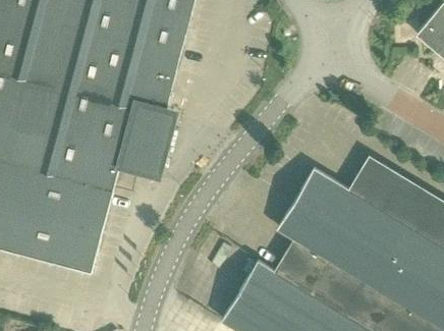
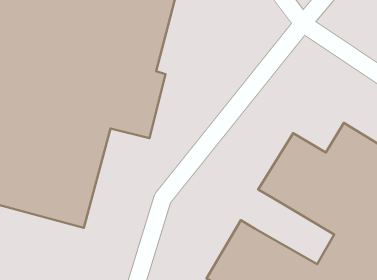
building: [274,238,358,309] -> none

